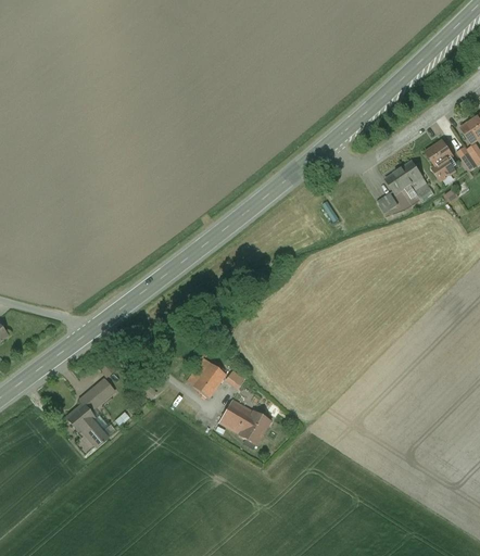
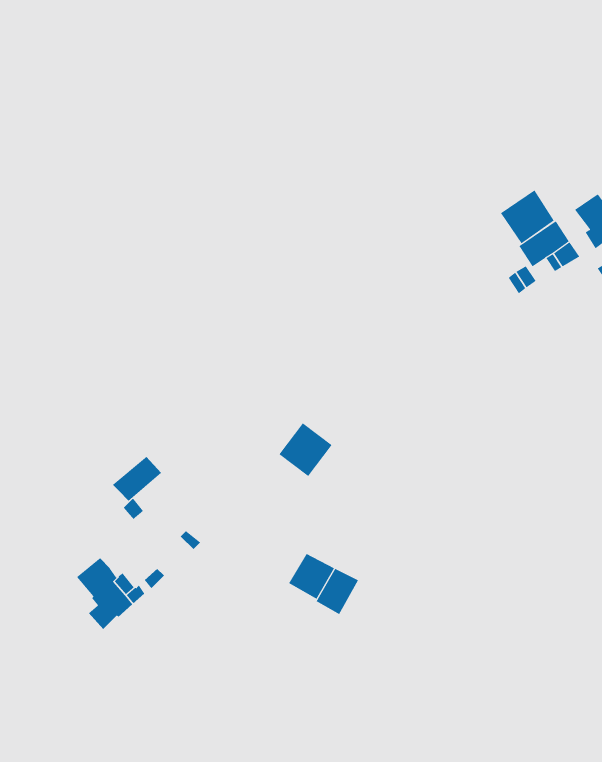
building: none -> [500,190,554,244]
building: [186,357,225,396] -> [278,423,333,477]
building: [78,378,114,410] -> [112,456,162,501]

